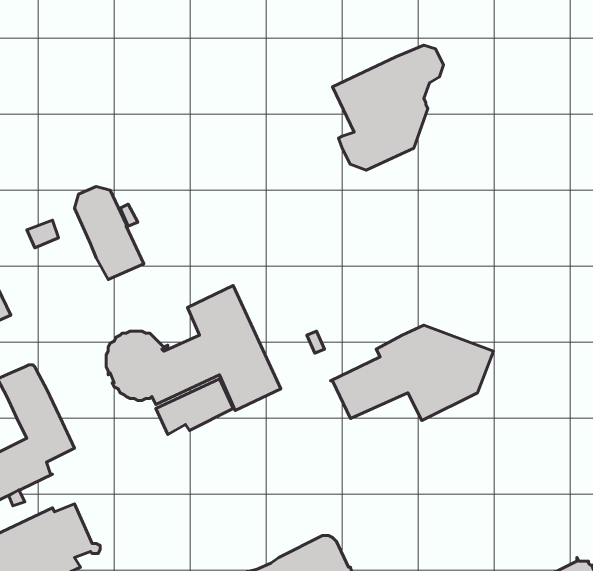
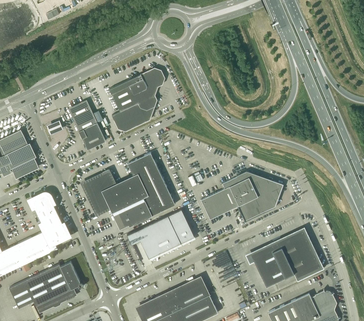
building: [332,45,444,170] -> [109,67,165,130]
building: none -> [127,208,195,257]
building: none -> [253,229,321,286]

